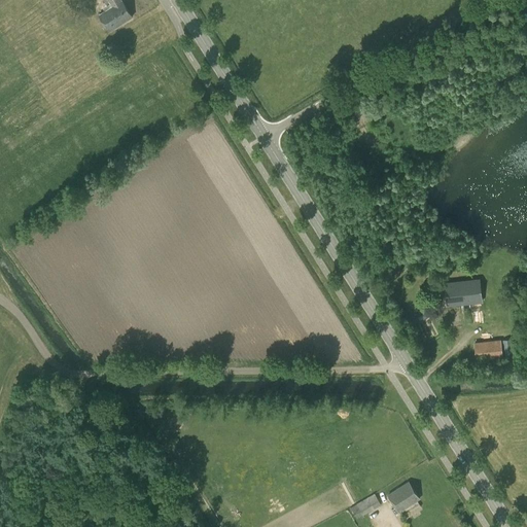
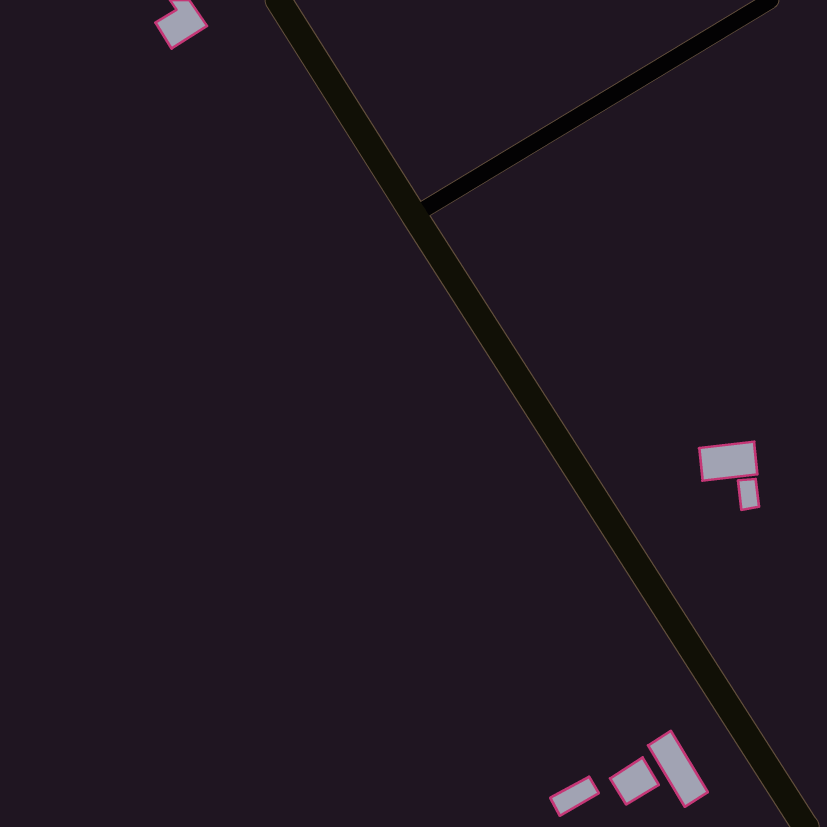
building: [473,340,502,360] -> none
building: none -> [648,731,708,807]

